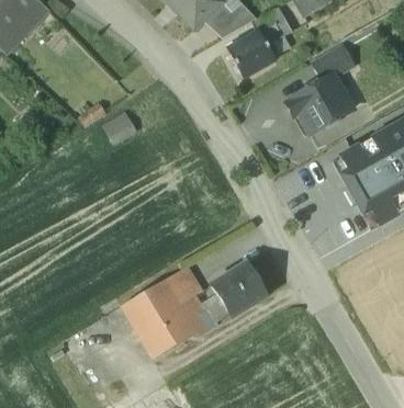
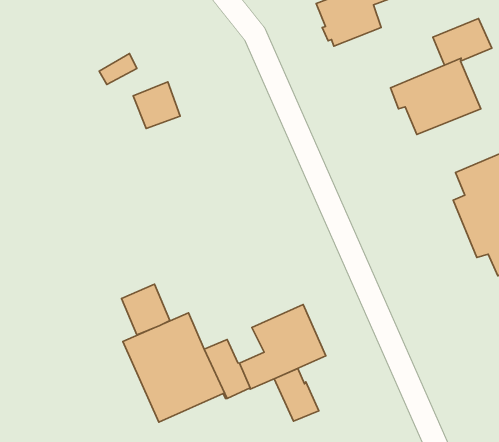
building: [165,265,201,303] -> [121,284,170,335]
building: none -> [274,368,319,421]

